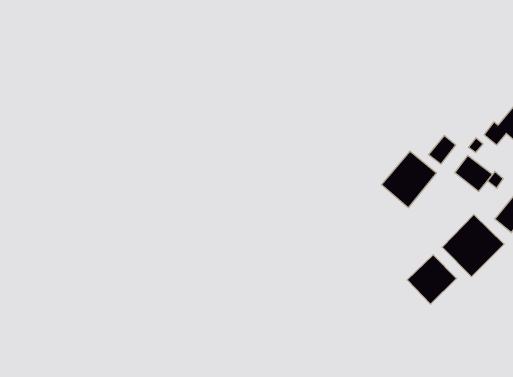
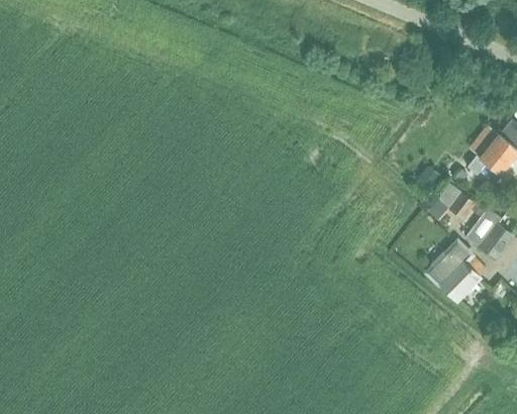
building: [382,151,437,208] -> none
building: [407,255,457,304] -> none

